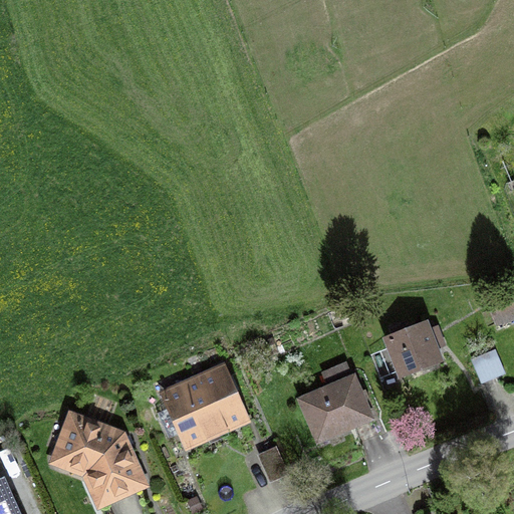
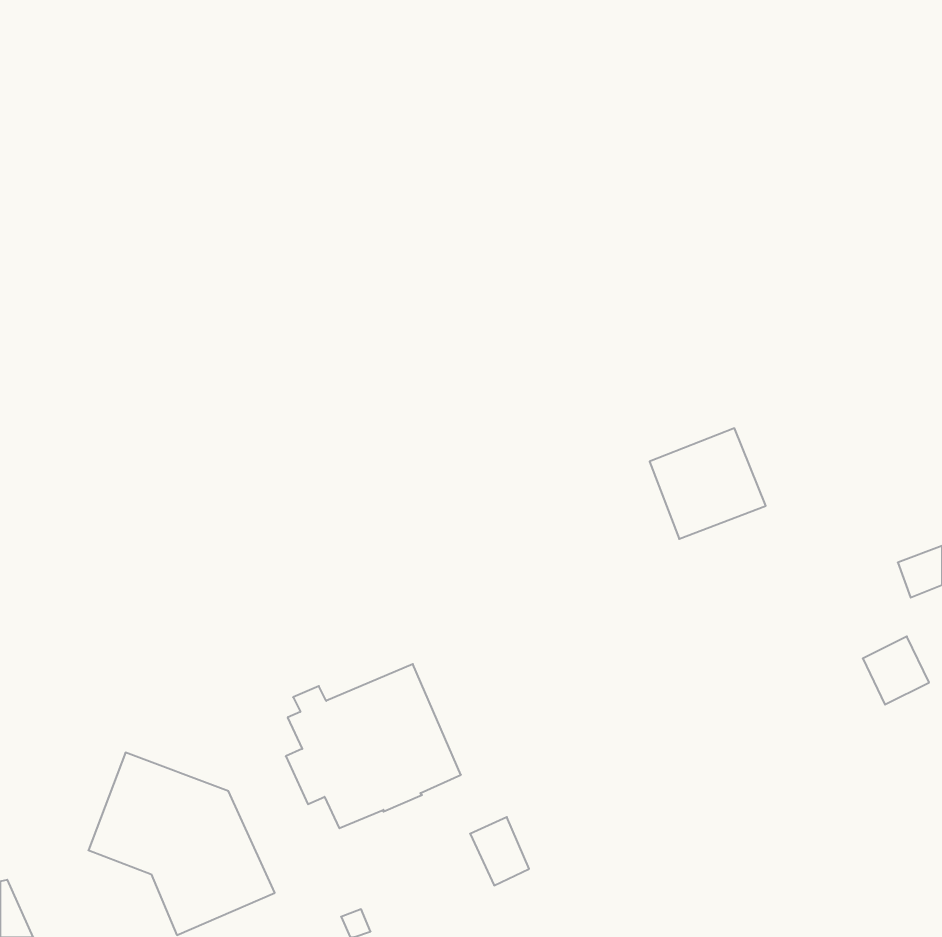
building: [381,320,445,380] -> [650,428,766,539]
building: [296,360,375,444] -> none

